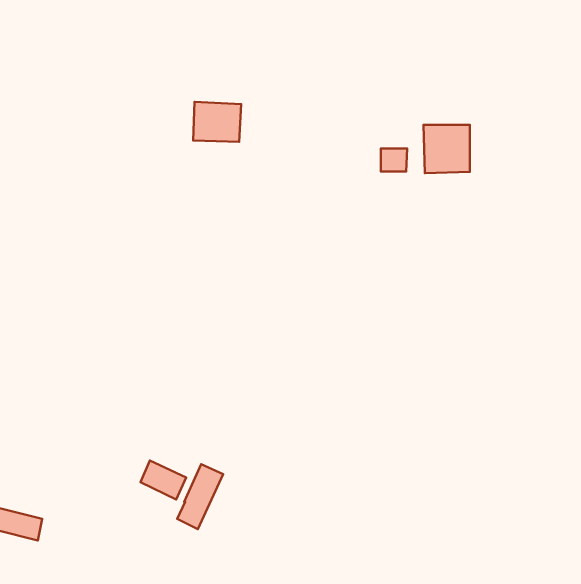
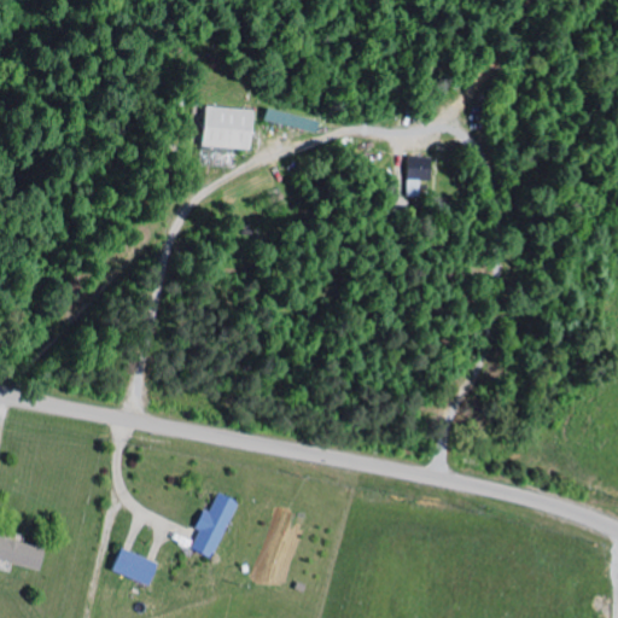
building: [424,125,470,173] -> none
building: [141,461,186,499] -> [111,547,159,588]

